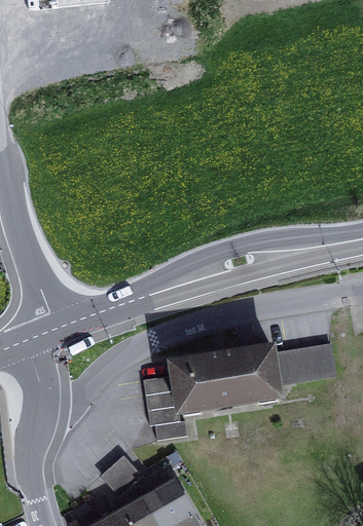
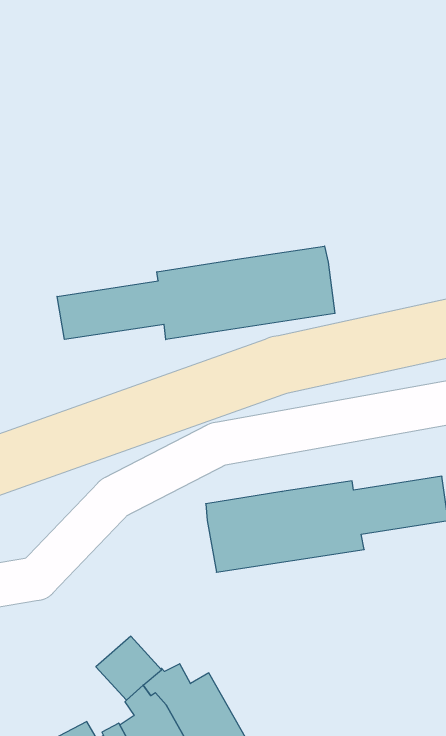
building: none -> [57,246,335,340]
building: [144,376,188,441] -> none

